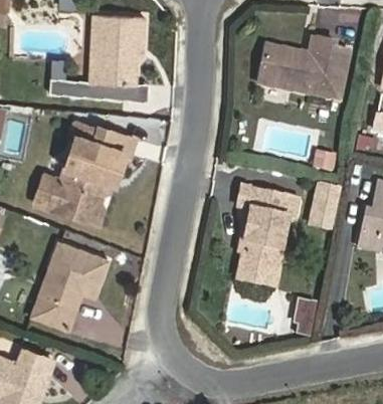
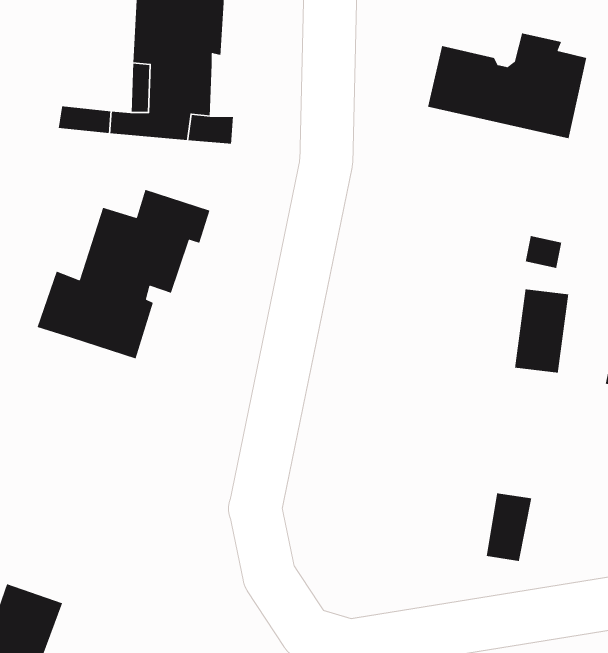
building: [237,184,300,288] -> none
building: [32,243,107,329] -> none

